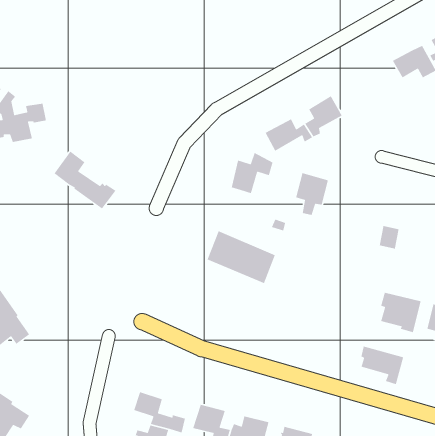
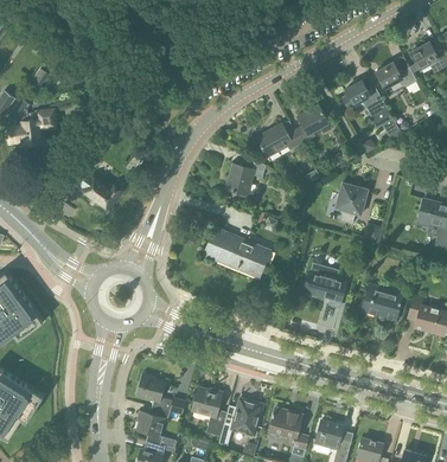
building: none -> [341,79,392,128]
building: [295,172,329,216] -> [336,182,366,223]
building: [361,345,404,385] -> [306,271,346,308]

